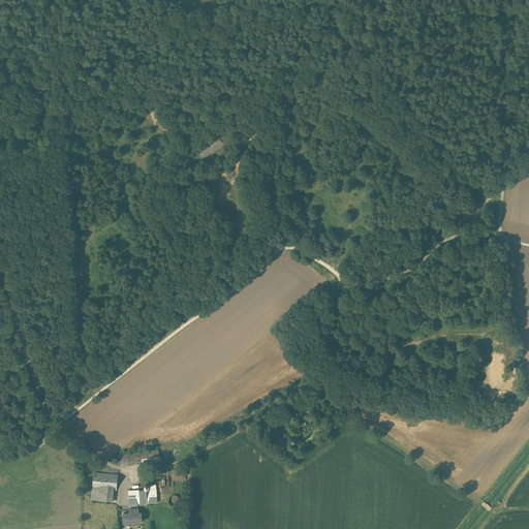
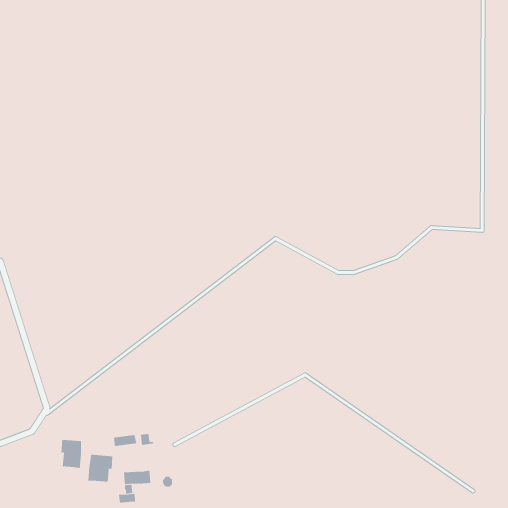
building: none -> [61,439,82,469]

